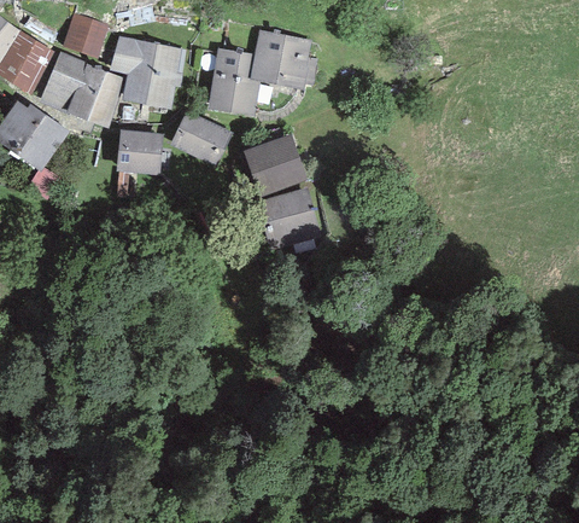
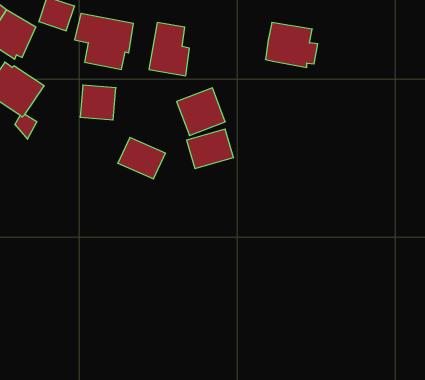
building: [250,30,318,89] -> [265,23,318,68]
building: [37,51,122,128] -> none
building: [170,110,233,164] -> [118,138,166,179]

